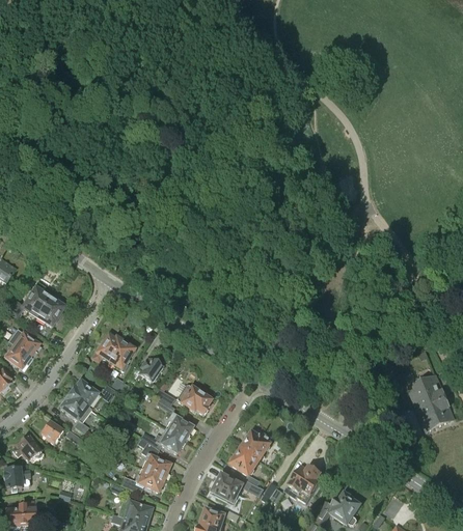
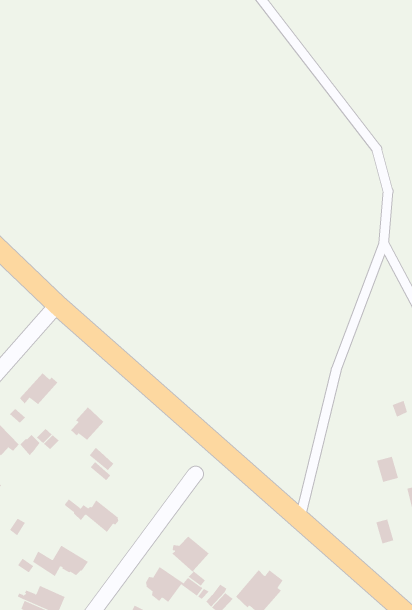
building: [109,340,134,370] -> none
building: [176,382,212,415] -> none
building: [165,414,193,441] -> none
building: [242,430,273,458] -> none
building: [137,437,170,478] -> none

